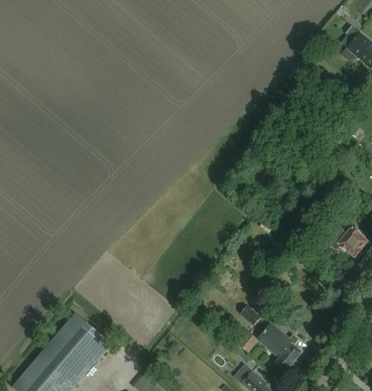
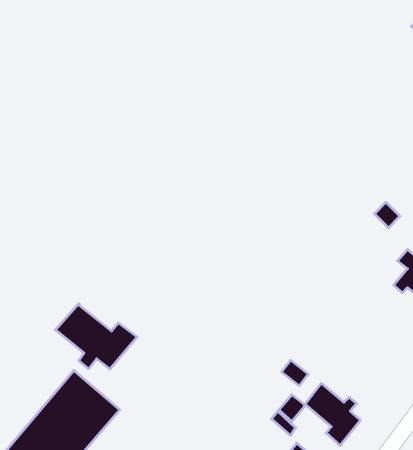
building: none -> [55,304,137,369]

